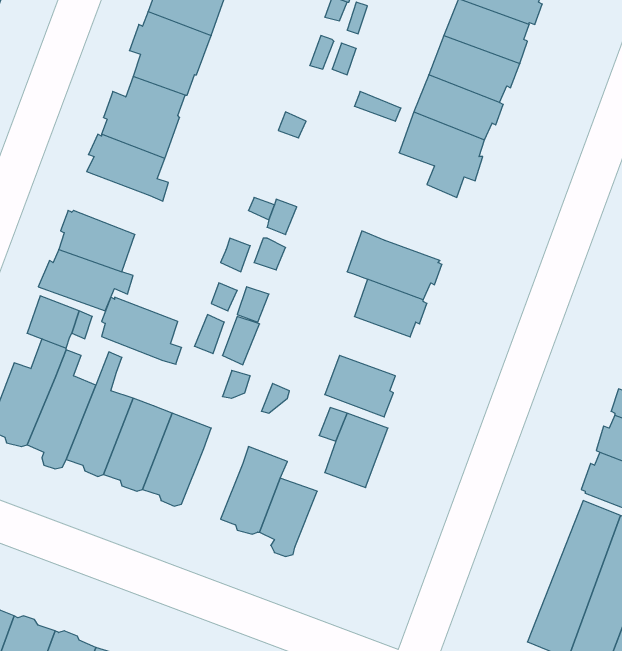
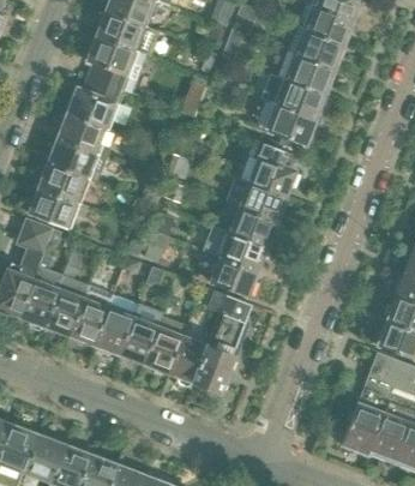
building: none -> [248,138,297,196]
building: [102,297,182,364] -> [49,138,101,181]
building: none -> [221,232,269,270]
building: none -> [119,317,158,364]
building: none -> [192,332,237,394]

